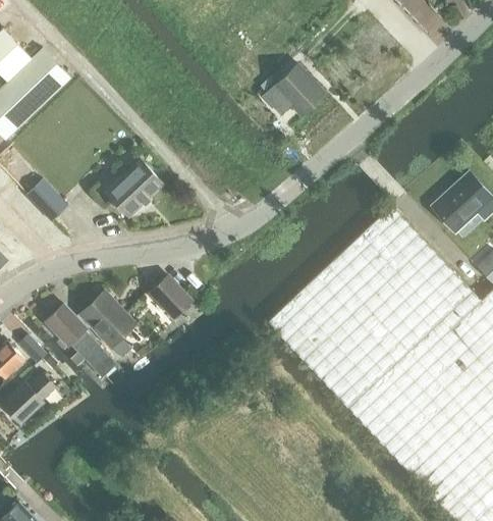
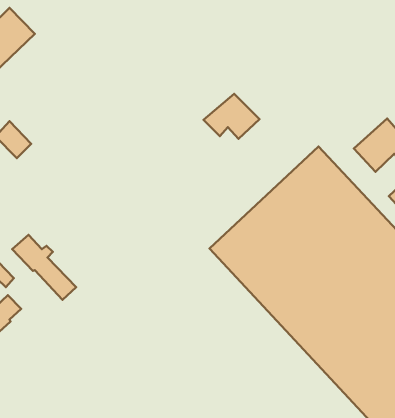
building: [263,65,326,116] -> [203,94,259,139]
building: [107,160,162,215] -> none
building: [149,276,190,318] -> none
building: [80,294,134,355] -> none

